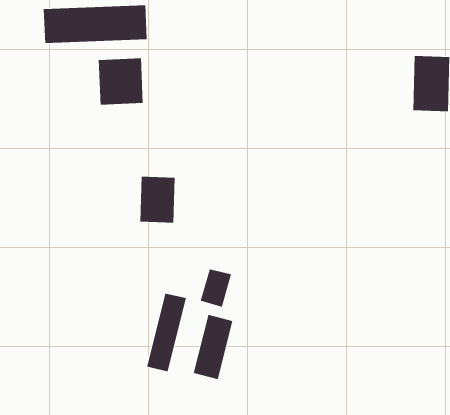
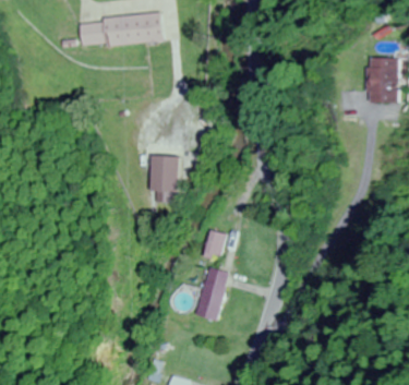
building: [98,58,143,105] -> none
building: [146,293,186,372] -> none

